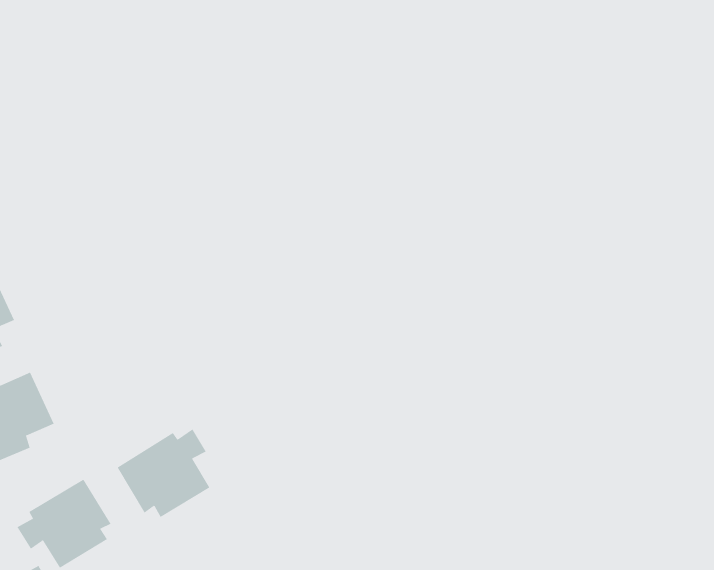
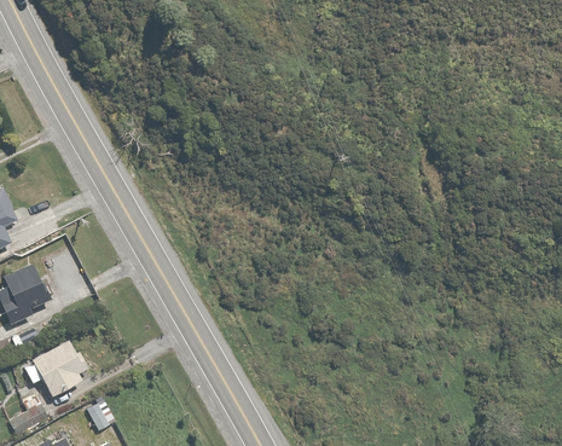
building: [117,429,210,518] -> none

